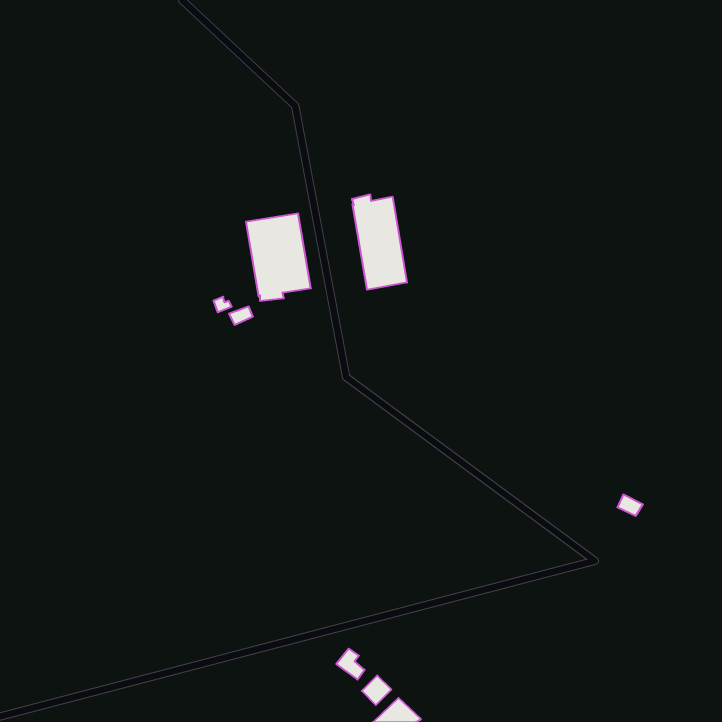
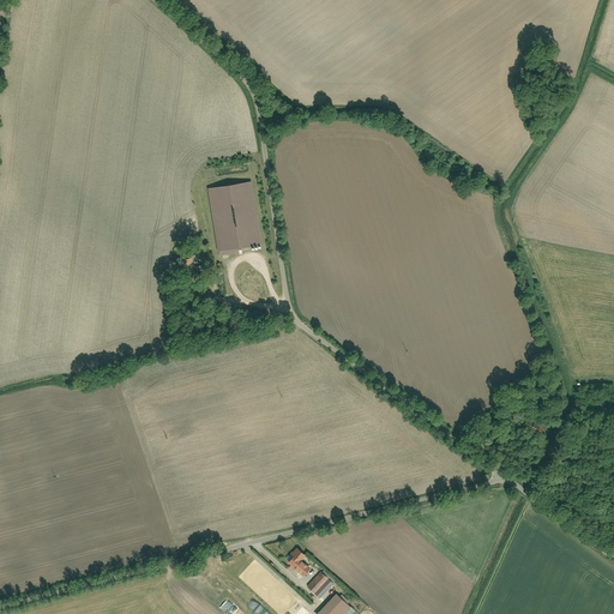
building: [352,194,407,290] -> none

